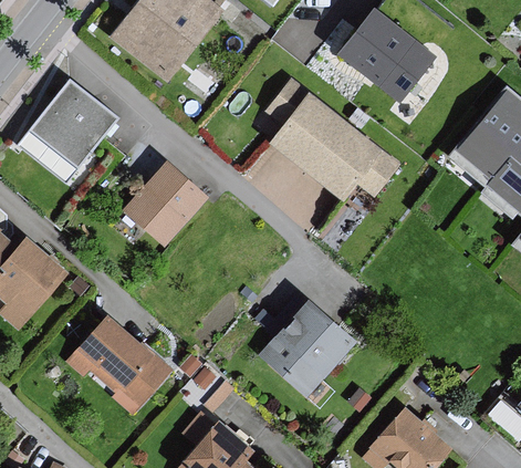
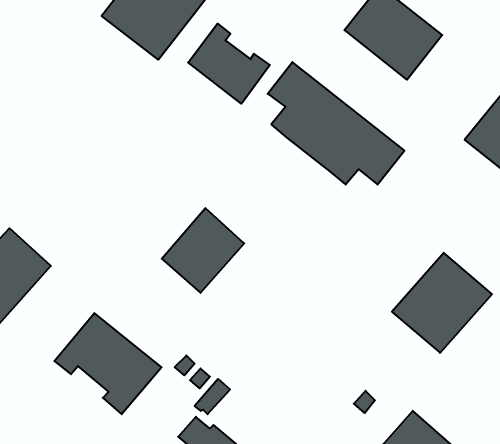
building: none -> [188,24,270,104]
building: [22,83,114,177] -> none
building: [126,163,204,242] -> [162,208,244,293]
building: [260,301,354,395] -> [392,253,492,353]

